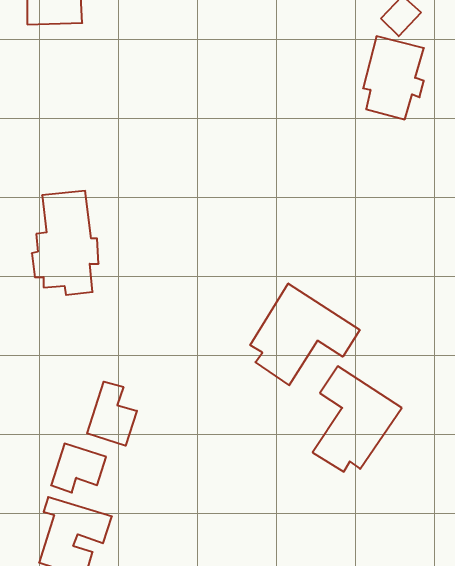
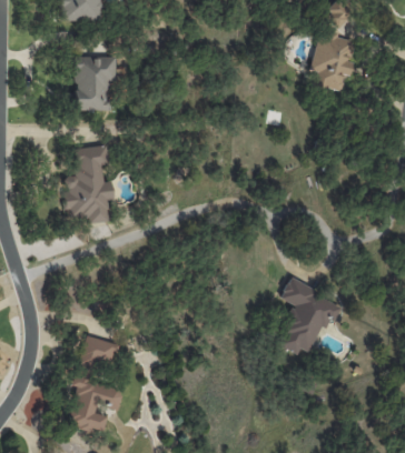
building: none -> [75,56,112,110]
building: [250,283,360,385] -> none
building: [87,382,137,446] -> none

